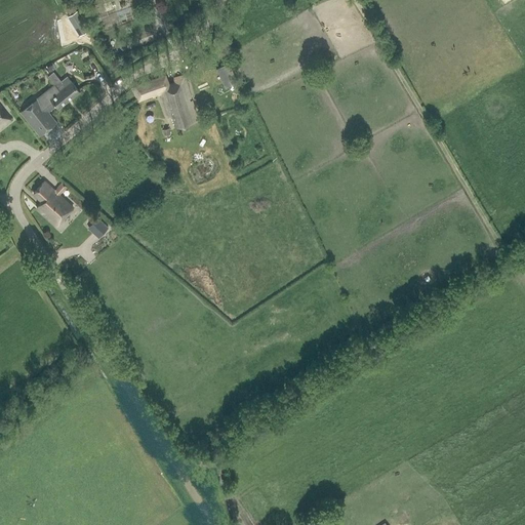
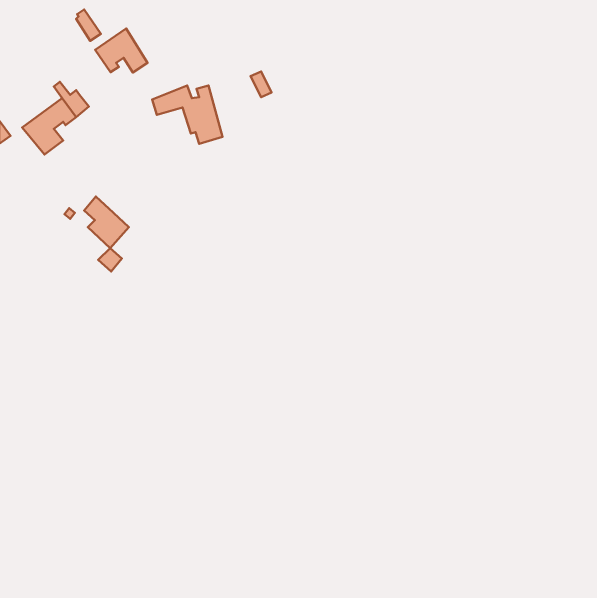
building: none -> [95,28,148,73]
building: [33,180,72,226] -> [84,197,129,248]

